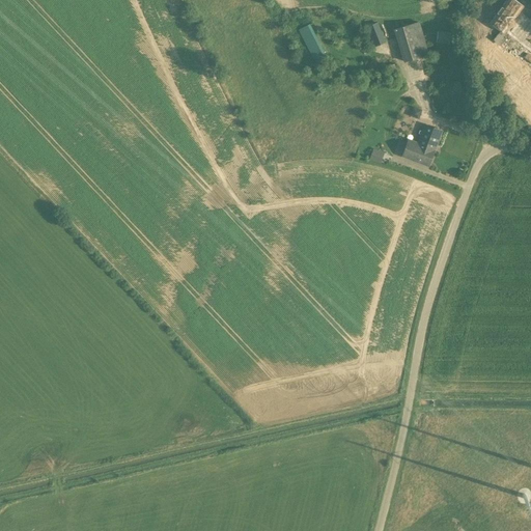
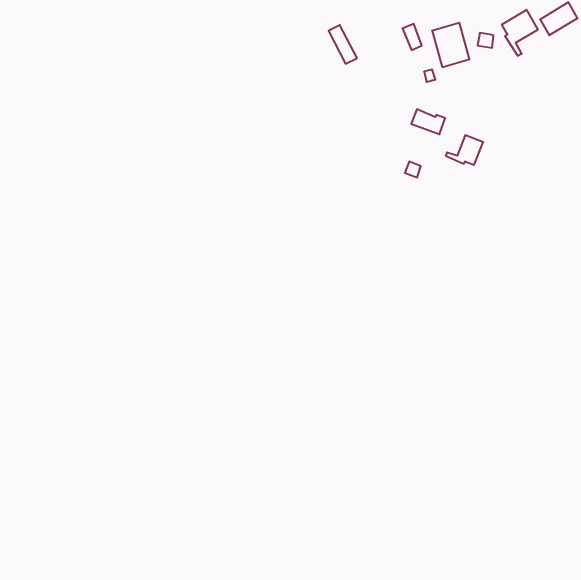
building: none -> [502,10,538,56]
building: [401,142,432,165] -> [411,109,445,134]

